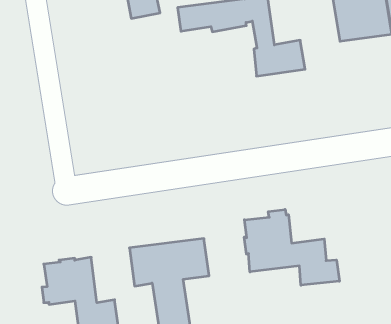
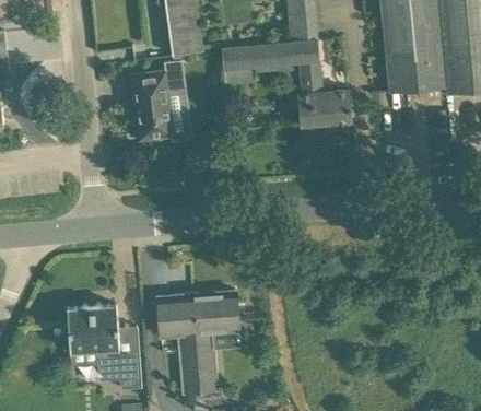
building: none -> [130,60,191,142]
building: [244,209,339,285] -> none

